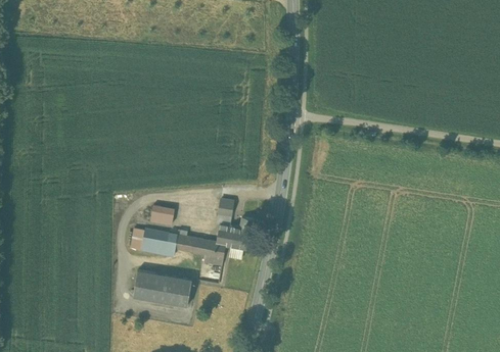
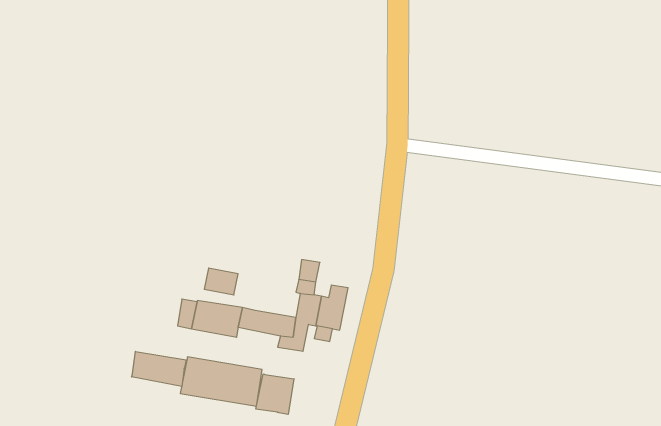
building: none -> [132,351,186,386]
building: none -> [256,374,294,414]

